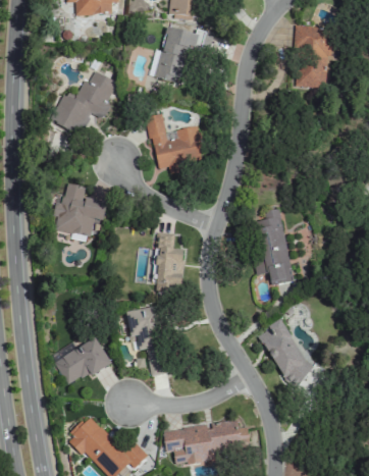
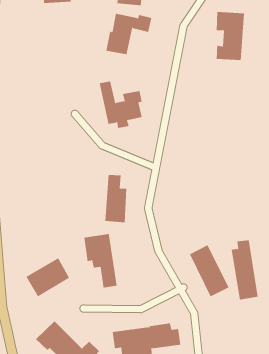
building: [49,71,116,135] -> none
building: [53,181,106,236] -> none
building: [257,208,292,284] -> [231,240,258,300]

